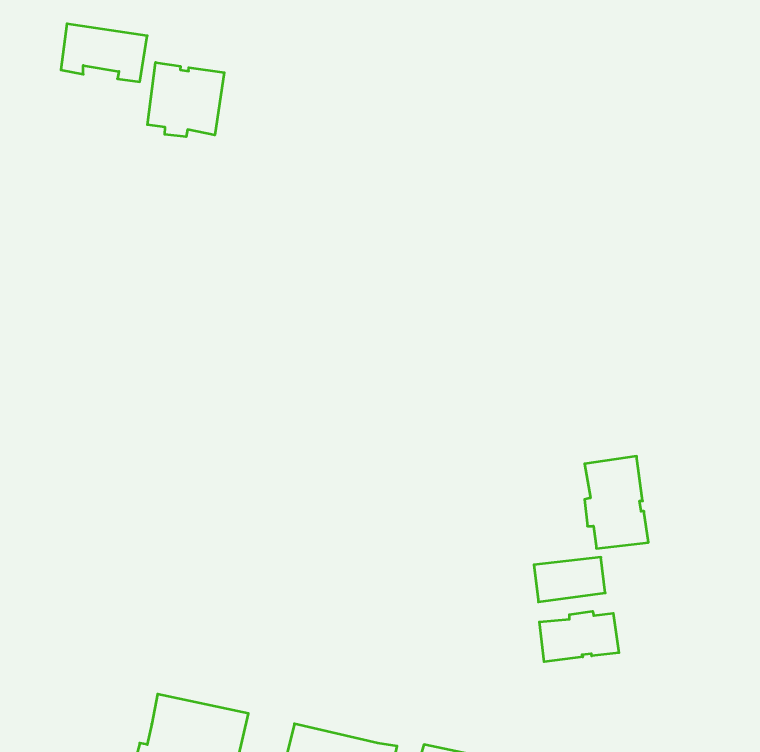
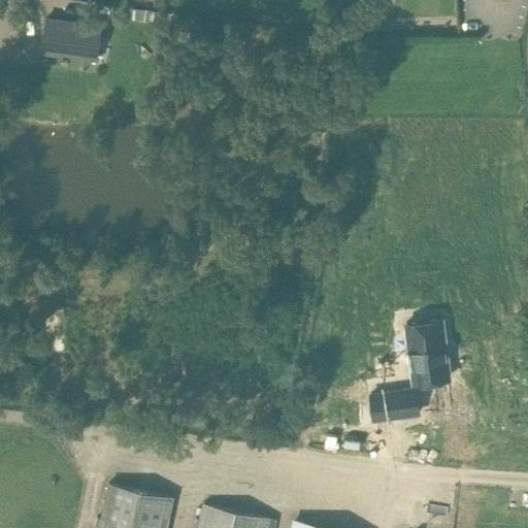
building: [147,62,224,137] -> none
building: [539,611,619,662] -> none

